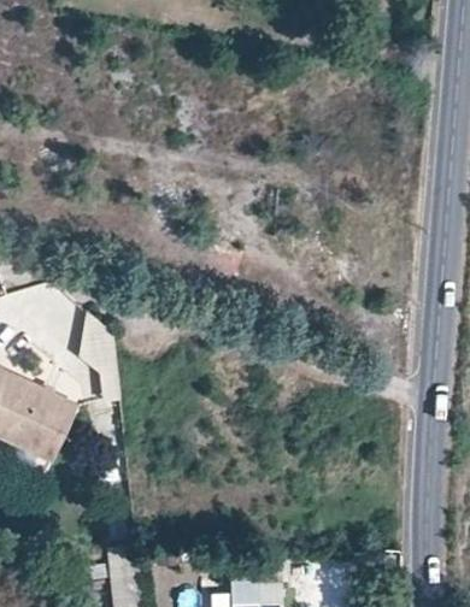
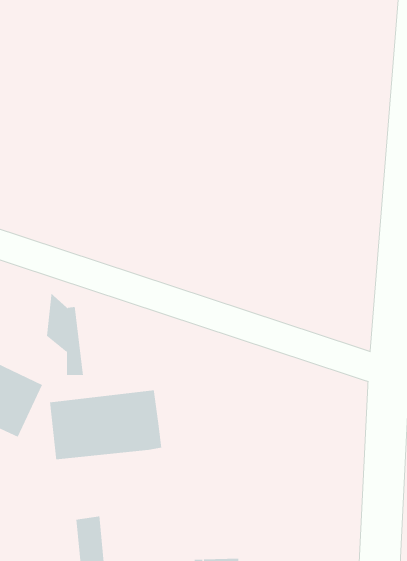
building: none -> [49,389,162,460]

